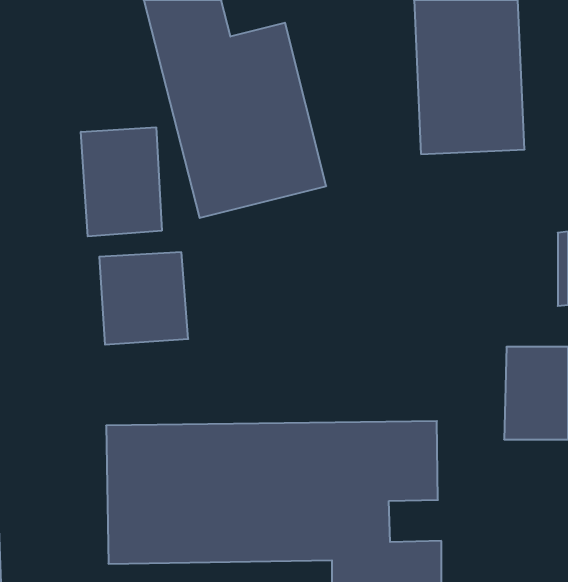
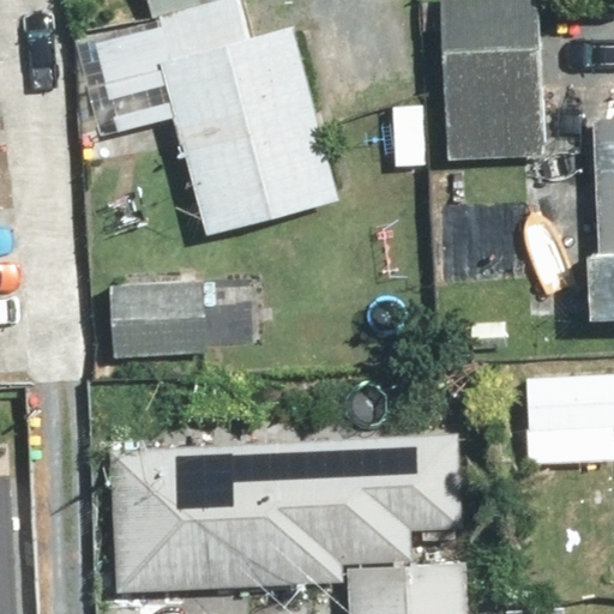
building: [81,127,162,236] -> none

